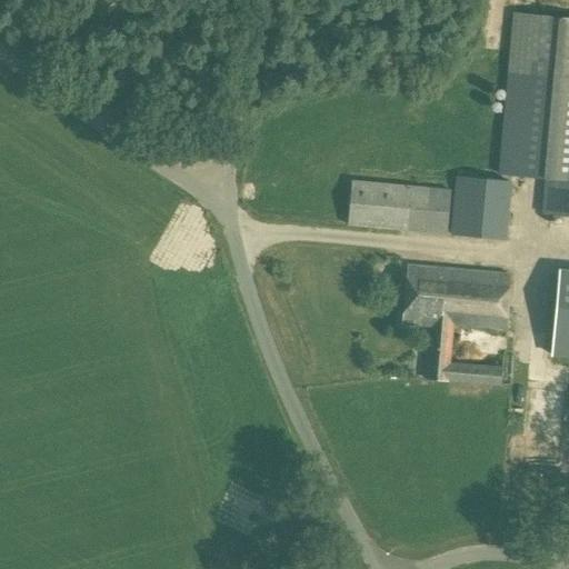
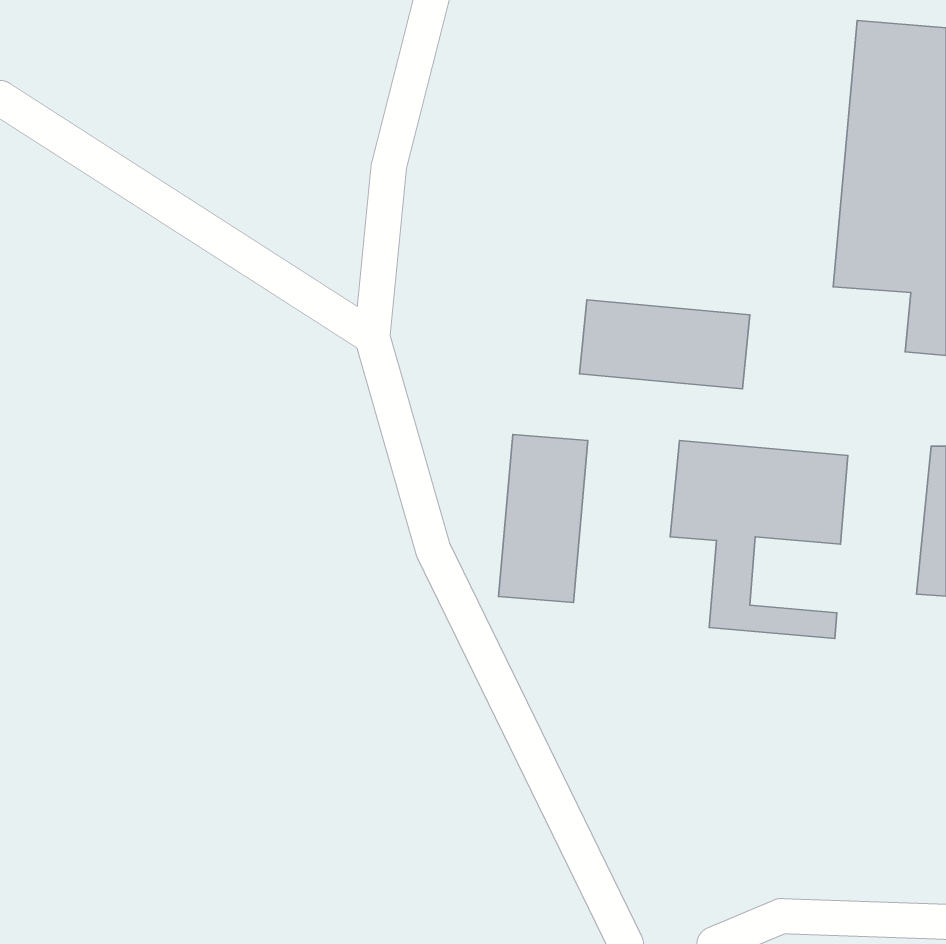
building: [450,177,511,240] -> none
building: none -> [499,435,588,603]

